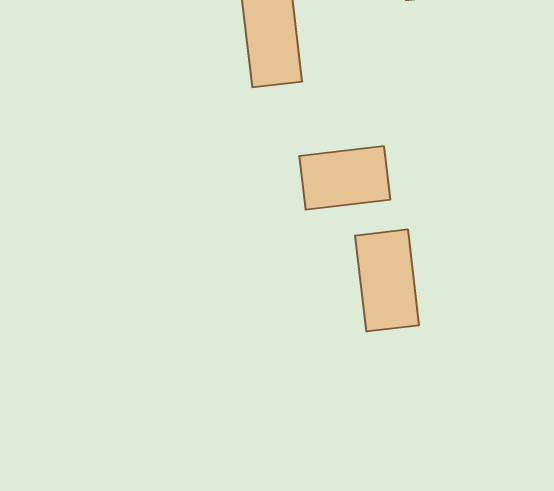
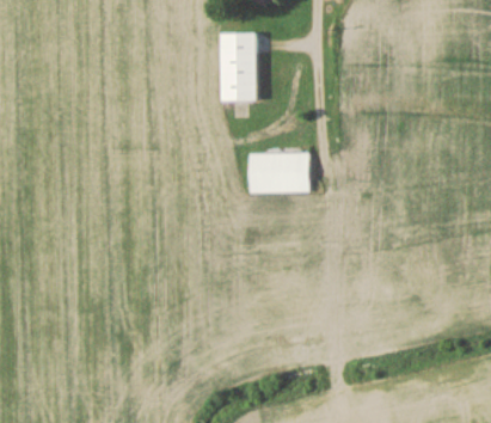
building: [355,229,419,332] -> none

